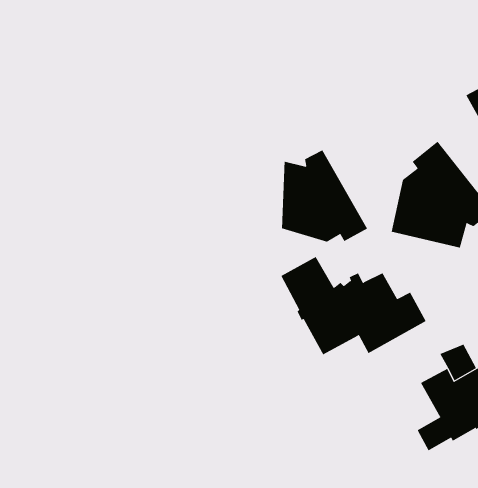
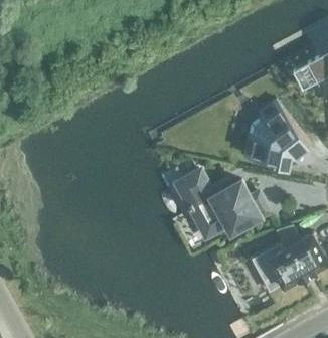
building: [282,149,368,242] -> none

